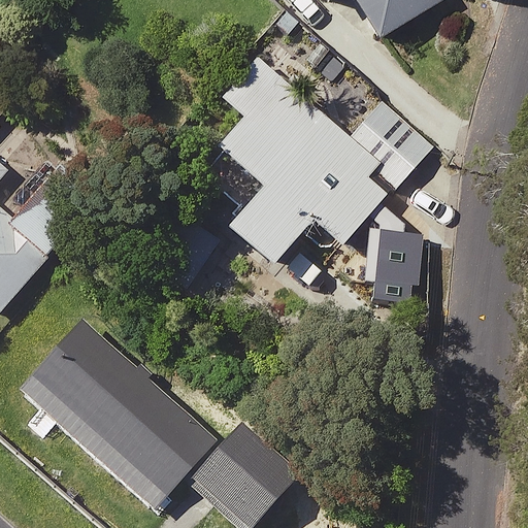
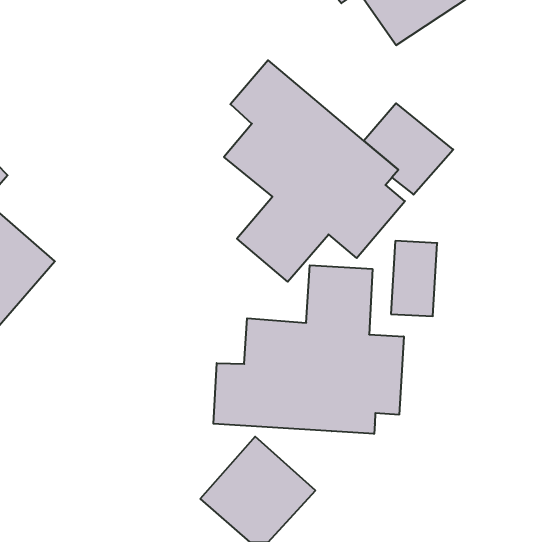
building: none -> [213,265,404,434]
building: [18,319,218,509] -> none

